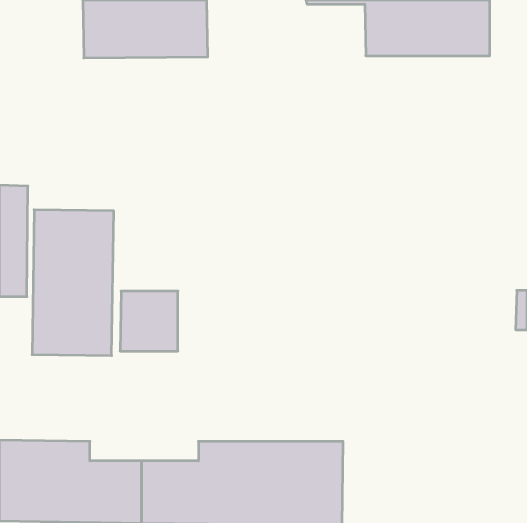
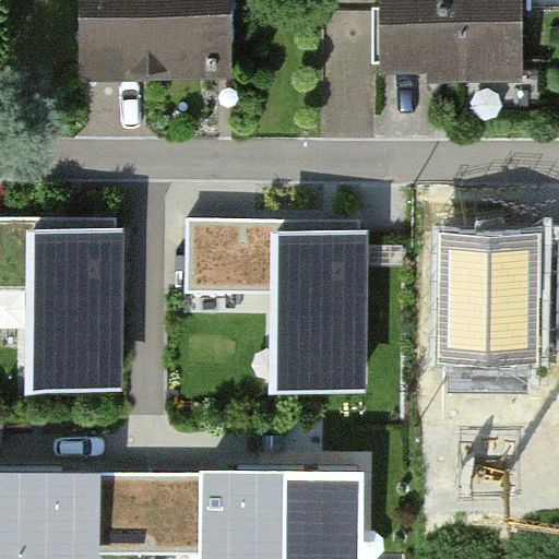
building: none -> [276,233,364,388]
building: none -> [448,234,532,354]
building: [120,291,178,351] -> [187,233,248,296]

